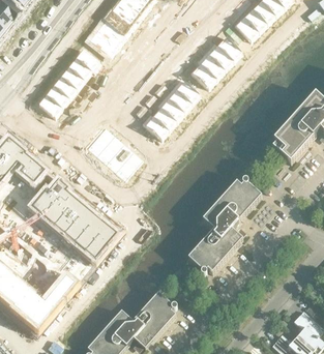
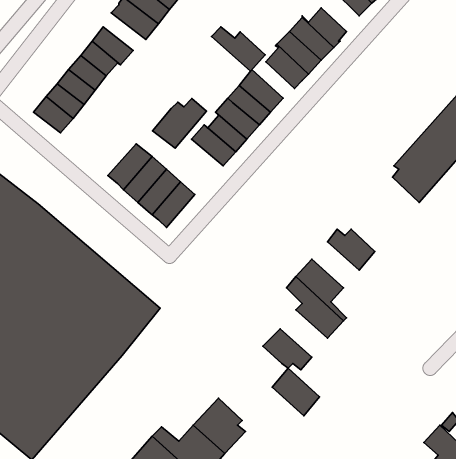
building: none -> [212,27,265,71]
building: none -> [153,98,206,148]
building: [219,188,251,218] -> none
building: [199,233,230,264] -> [272,368,320,416]

